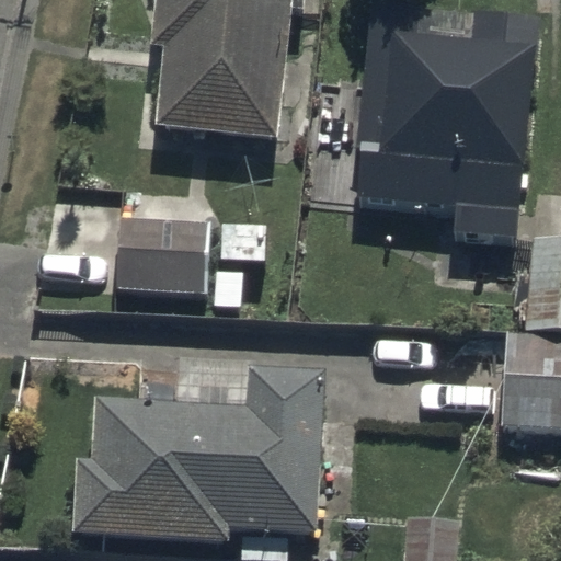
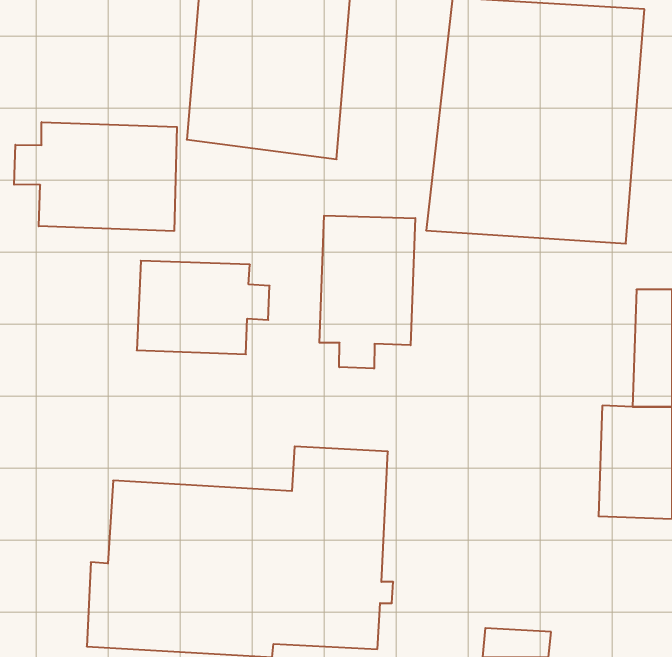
building: none -> [14,122,177,231]
building: none -> [319,216,415,369]

